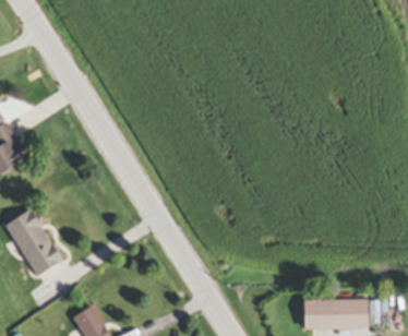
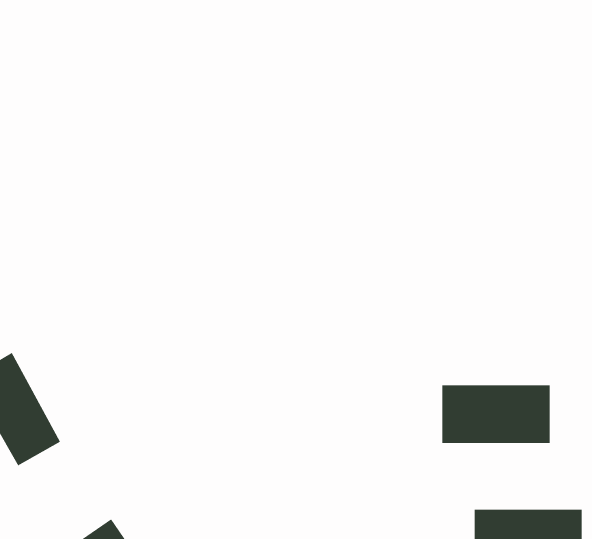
building: none -> [442,384,550,444]

